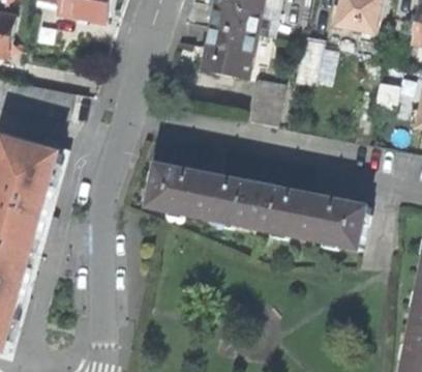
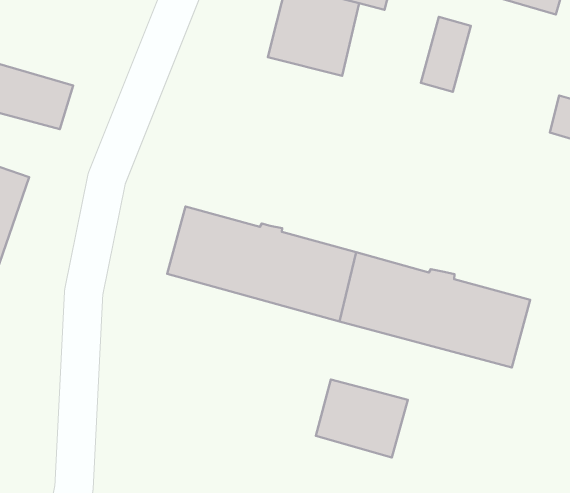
building: [246,84,281,124] -> none
building: none -> [316,379,408,458]

